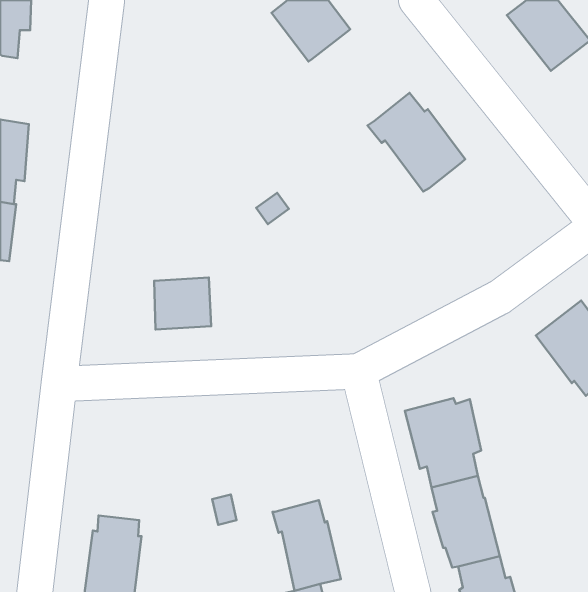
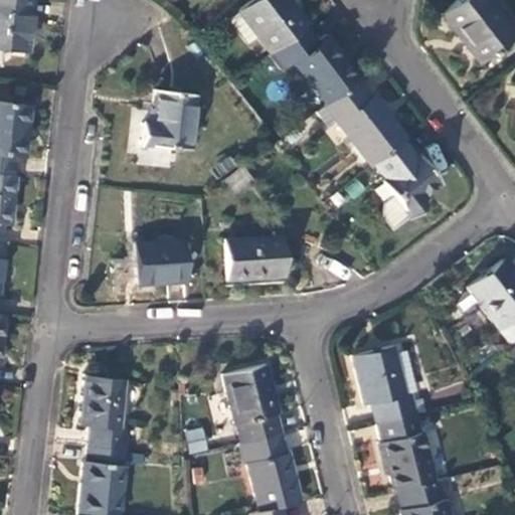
building: none -> [275,27,361,106]
building: none -> [140,95,196,154]
building: none -> [376,142,442,228]
building: none -> [226,237,285,281]
building: none -> [224,366,281,445]
building: none -> [79,376,131,453]

